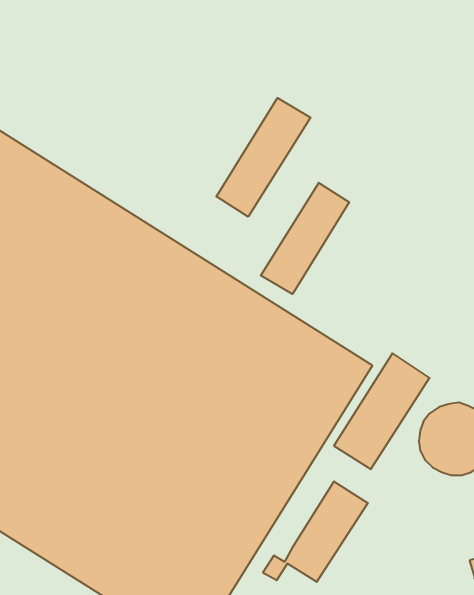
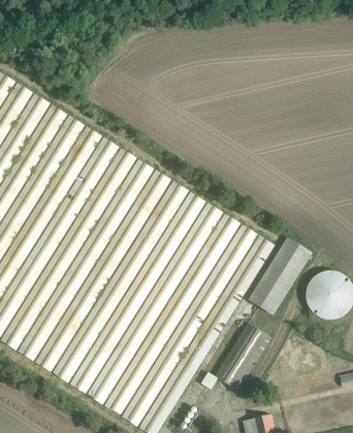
building: [216,98,310,217] -> none
building: [261,183,349,294] -> none

